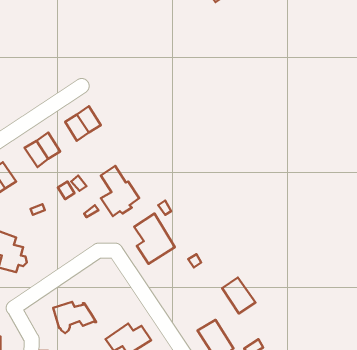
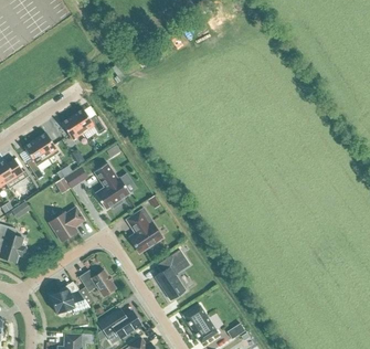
building: none -> [51,208,84,241]
building: [222,278,256,313] -> [156,267,187,300]
building: none -> [80,271,116,297]

